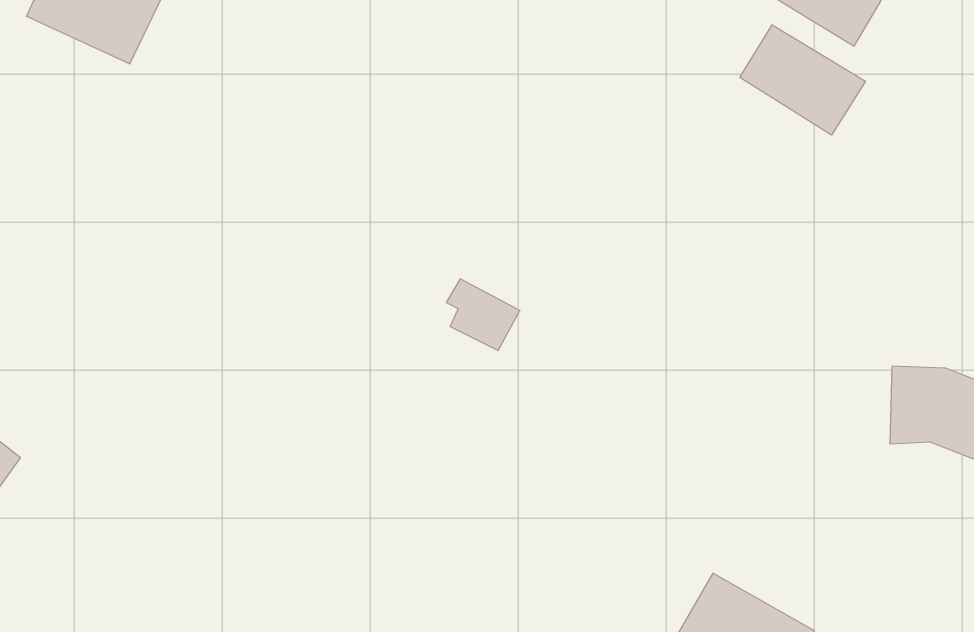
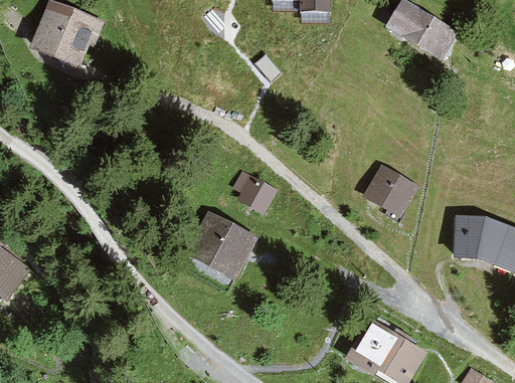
building: [740,25,865,135] -> none
building: none -> [371,169,418,214]
building: none -> [186,212,251,274]

